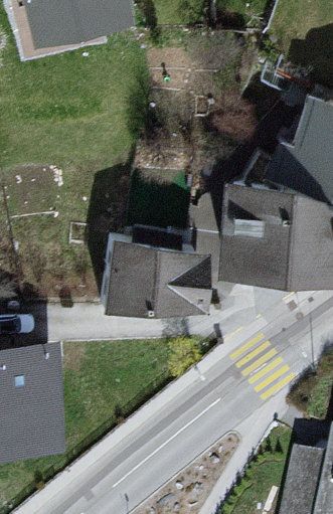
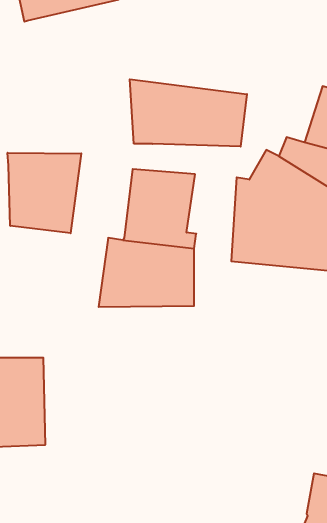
building: none -> [130,79,247,147]
building: none -> [8,153,81,233]

